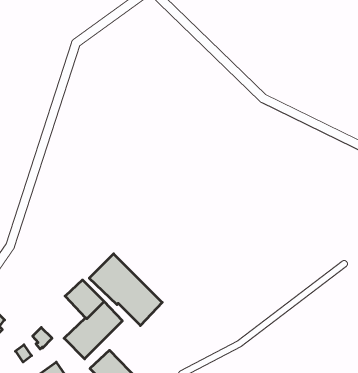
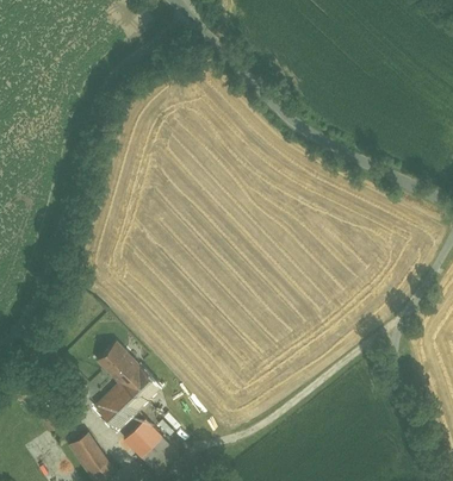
building: [89,254,162,326] -> none

